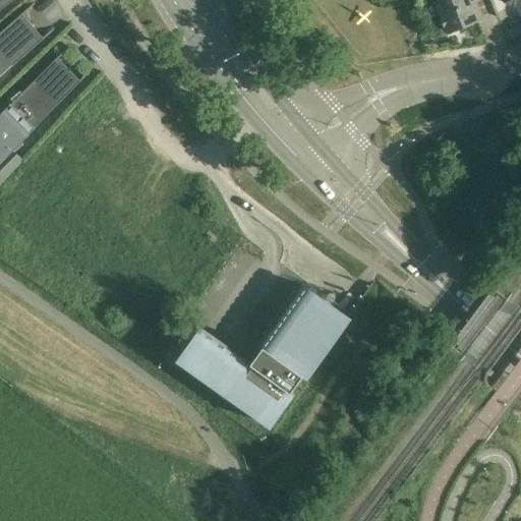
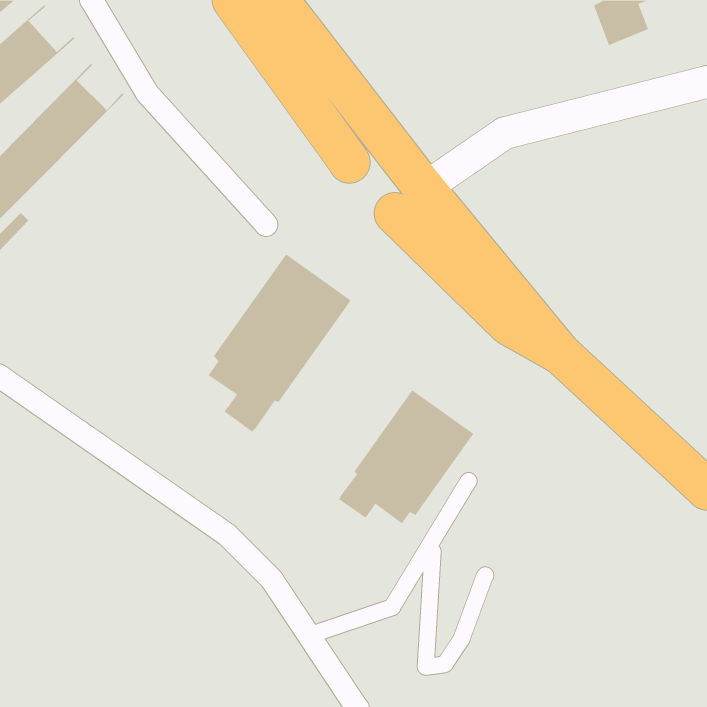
building: none -> [208,254,352,433]
building: [177,331,295,427] -> none

